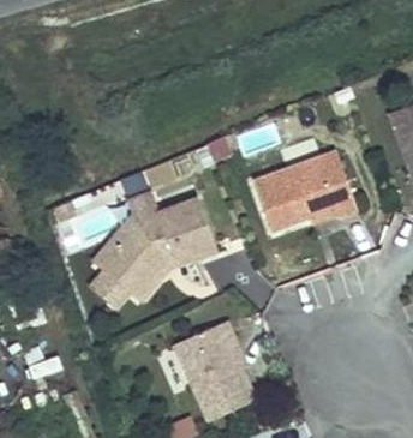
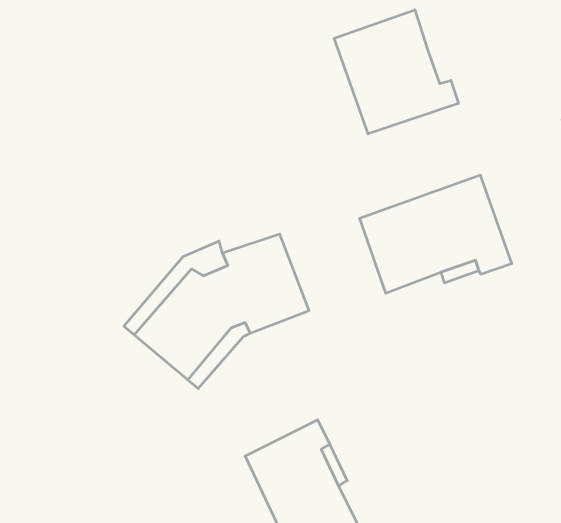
building: none -> [334,10,458,134]

